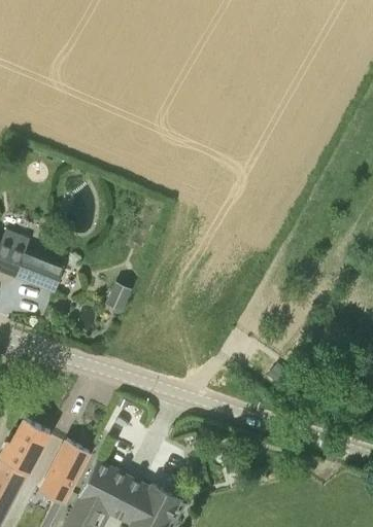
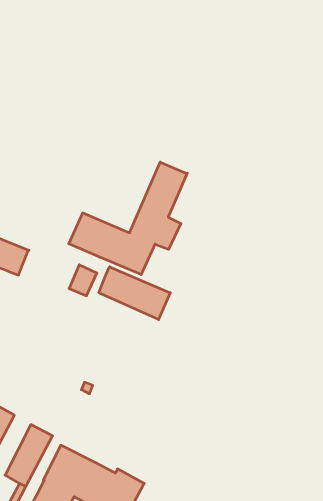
building: none -> [69,162,187,275]
building: none -> [99,267,170,320]

